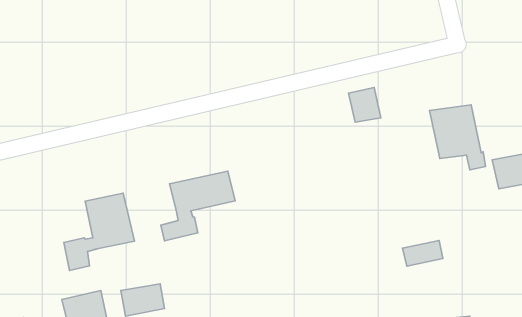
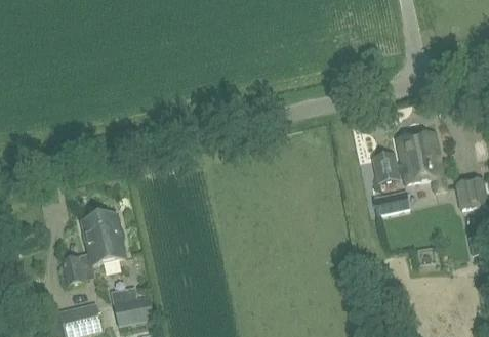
building: [349,87,381,122] -> [370,150,400,181]
building: [161,171,235,241] -> none
building: [402,240,443,266] -> [372,189,409,213]

